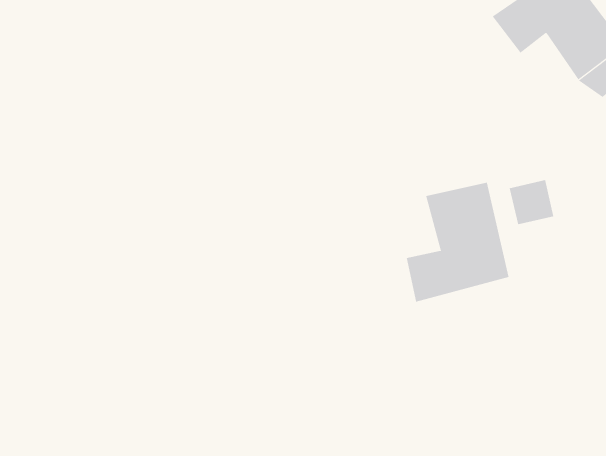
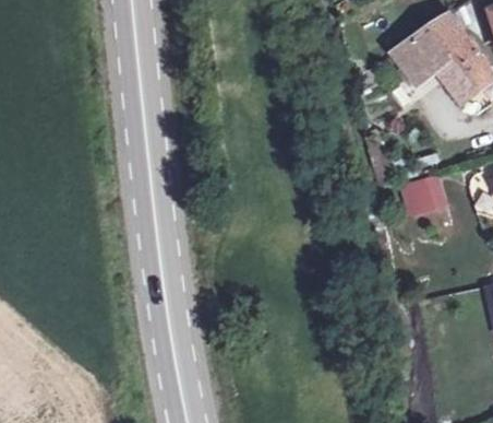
building: [406,182,509,302] -> none

